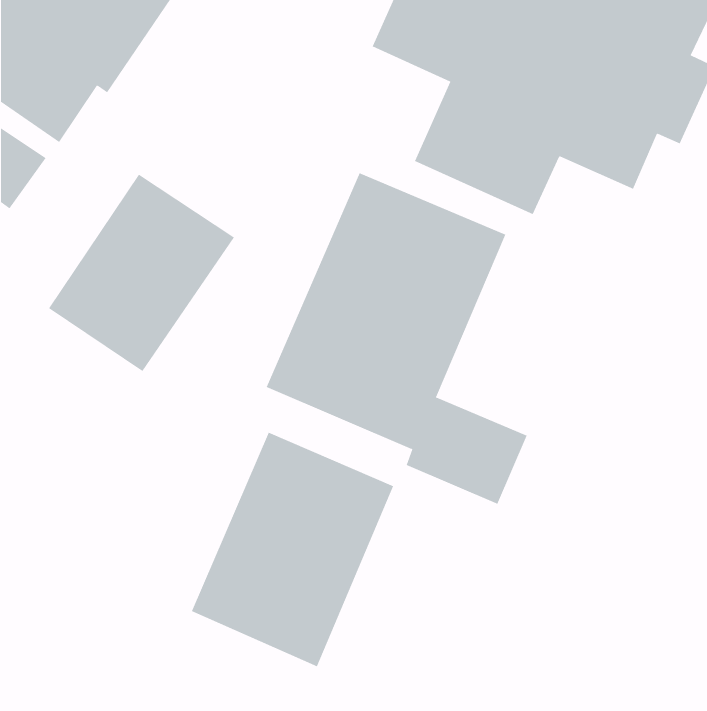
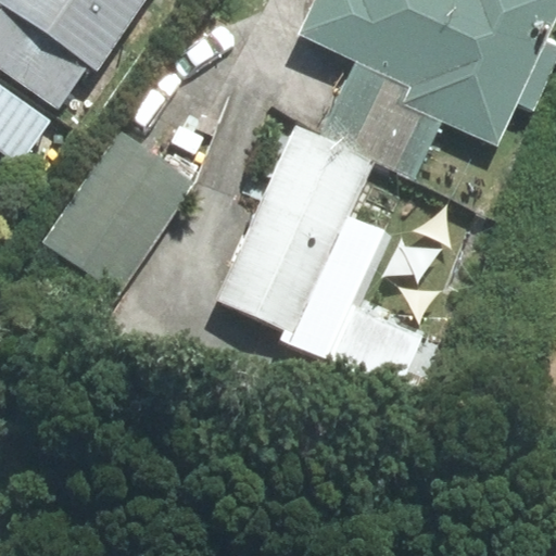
building: [191,432,394,667] -> none

